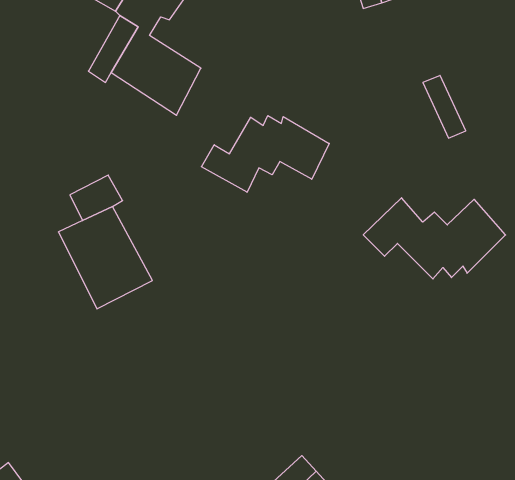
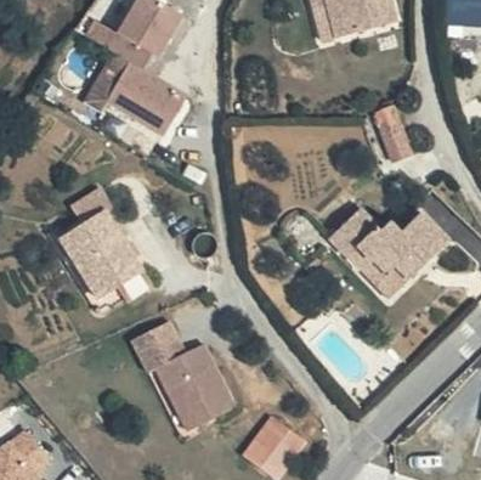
building: [201,116,329,192] -> none
building: none -> [341,245,412,299]
building: none -> [134,323,236,436]

